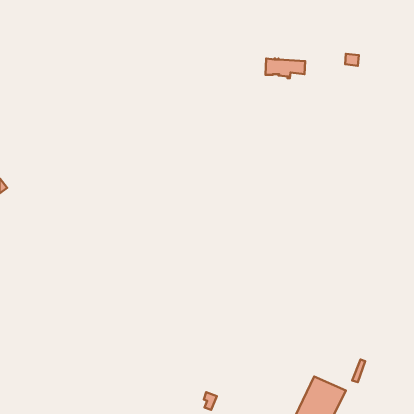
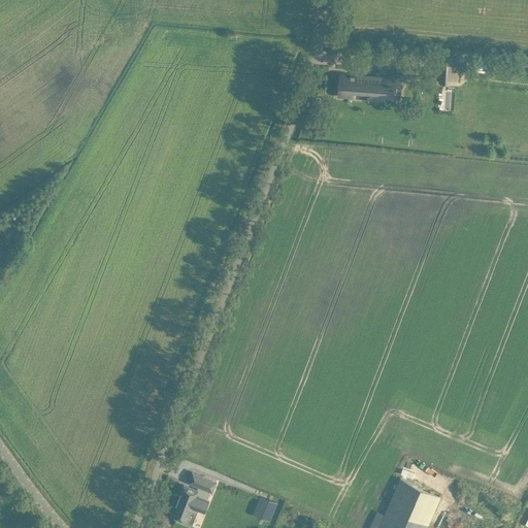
building: none -> [171,477,216,522]

